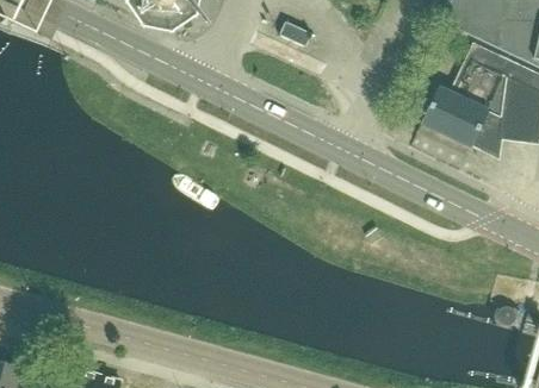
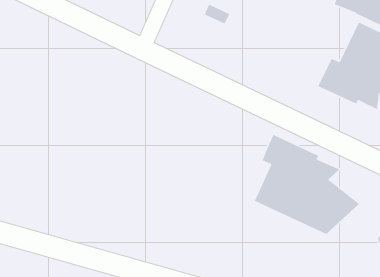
building: none -> [254,134,360,235]

